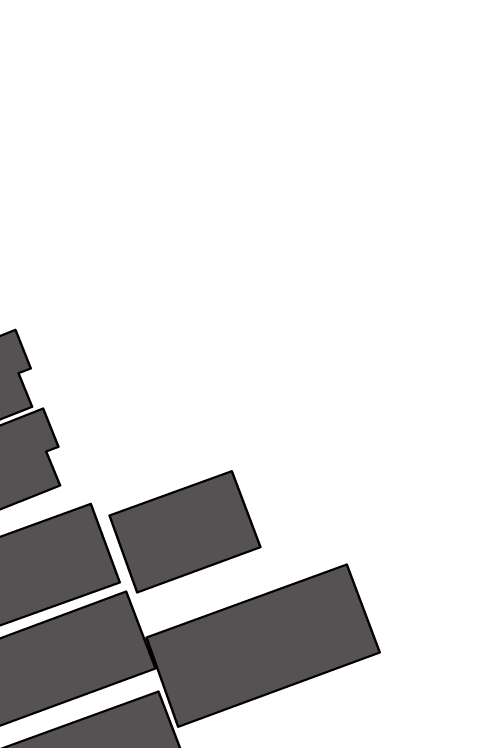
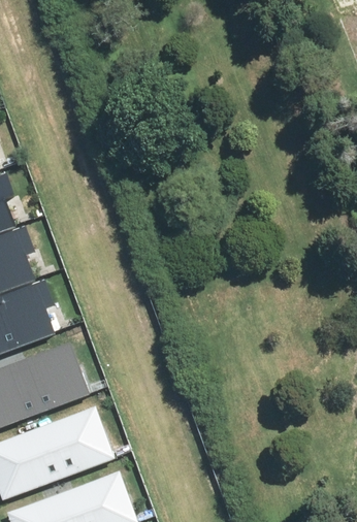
building: [110,471,260,593] -> none
building: [147,565,380,727] -> none

